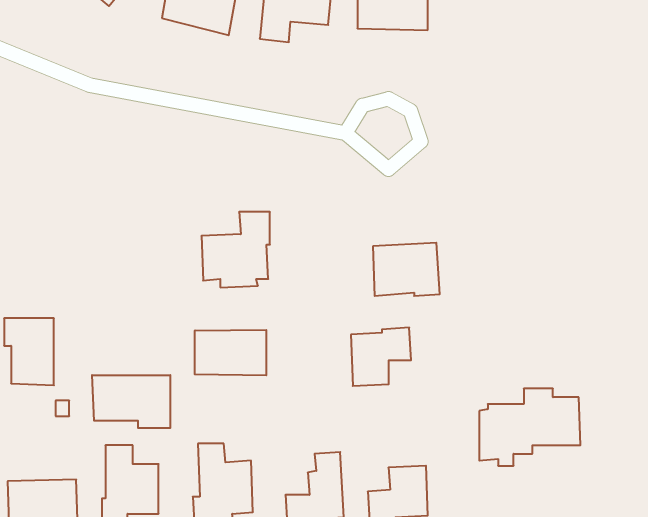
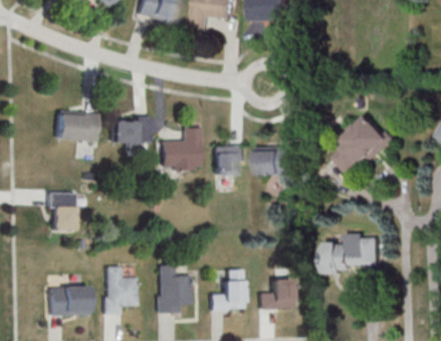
building: none -> [57,111,99,143]
building: none -> [337,113,400,175]
building: none -> [112,116,152,146]
building: [351,328,411,386] -> [216,144,251,179]
building: [195,330,266,375] -> none
building: [92,375,170,428] -> none

